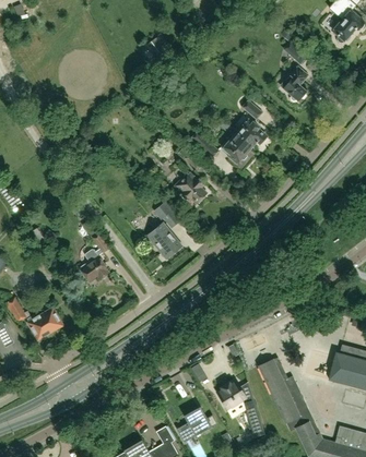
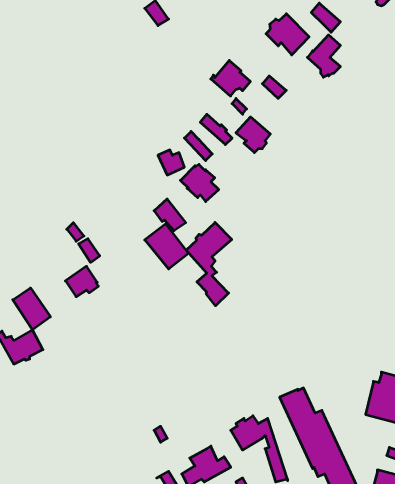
building: none -> [266,14,309,55]
building: [233,119,265,148] -> [211,60,250,96]
building: none -> [186,222,232,306]
building: none -> [13,288,50,330]

